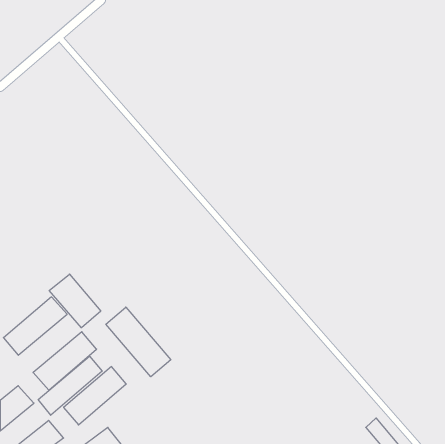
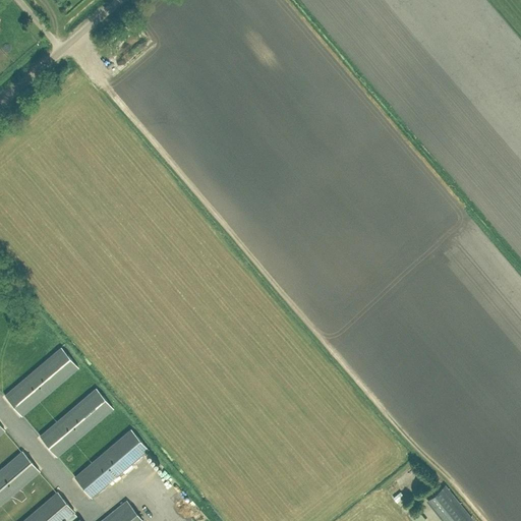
building: [49,274,101,328] -> none
building: [106,307,171,377] -> none
building: [38,356,102,415] -> none

